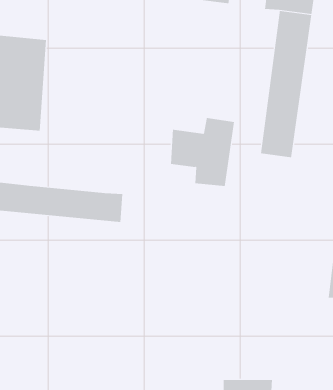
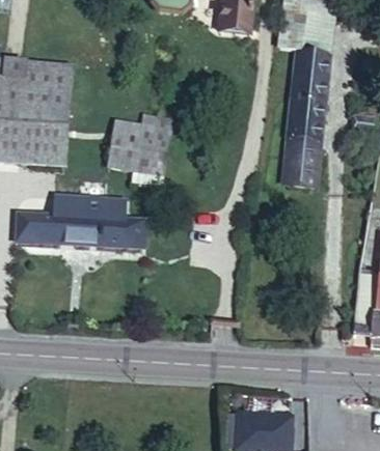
building: [170,118,235,187] -> [116,119,180,187]
building: none -> [57,194,132,221]

